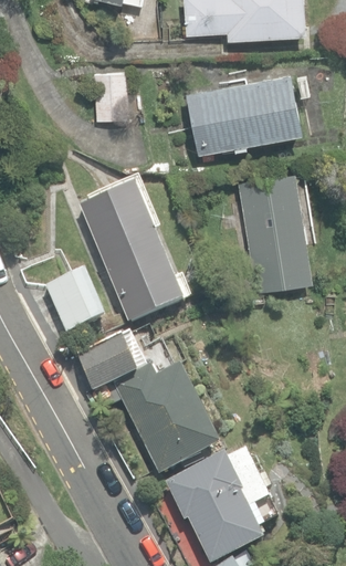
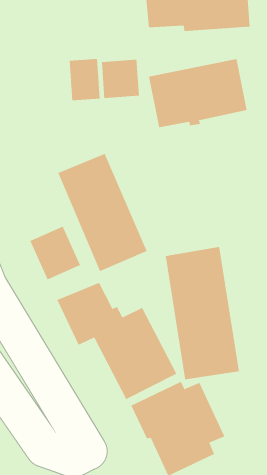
building: none -> [101,59,139,99]
building: [238,161,313,291] -> none
building: none -> [165,246,240,380]

